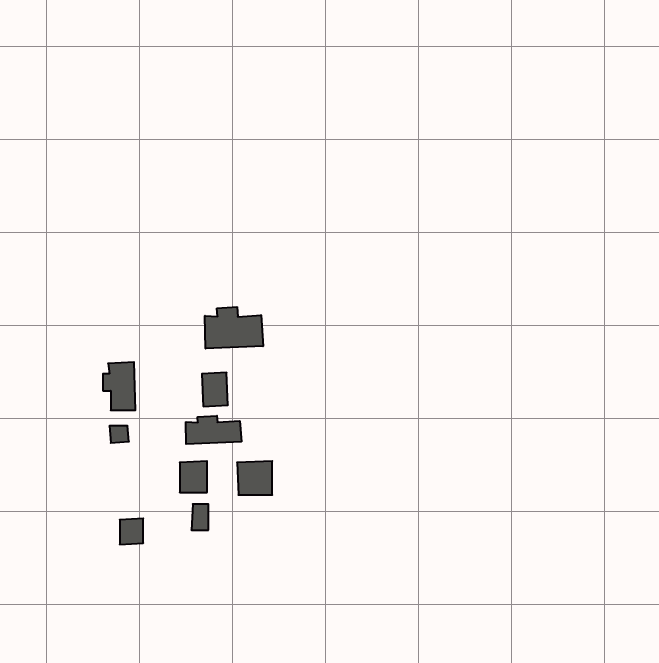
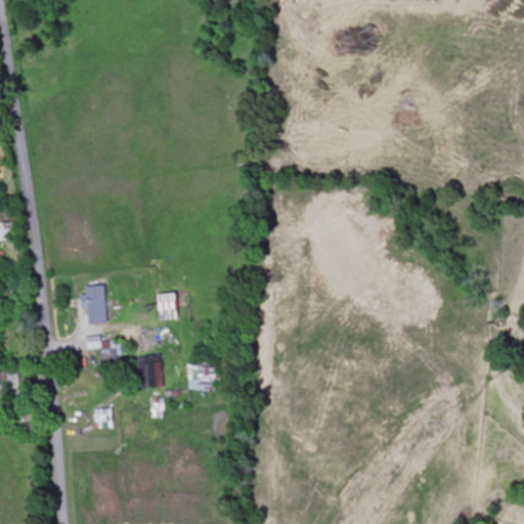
building: [205,307,263,349] -> none
building: [186,416,241,444] -> none

